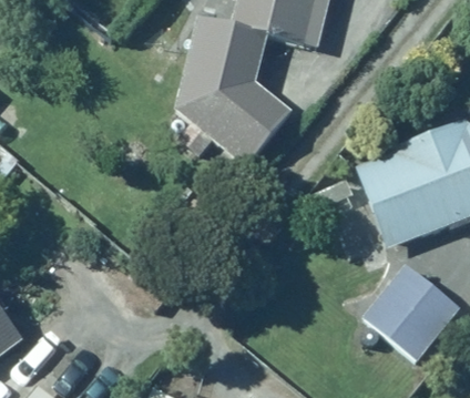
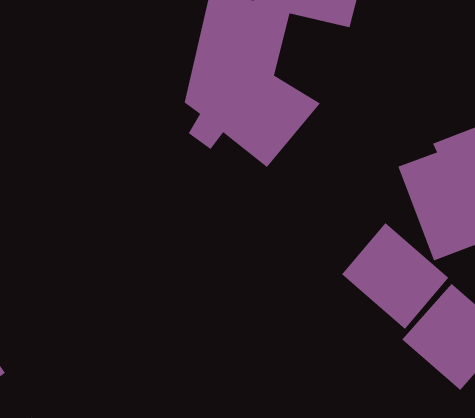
building: none -> [341,222,449,330]

